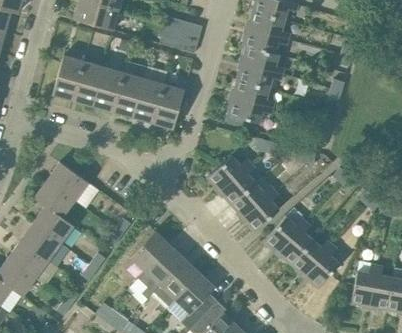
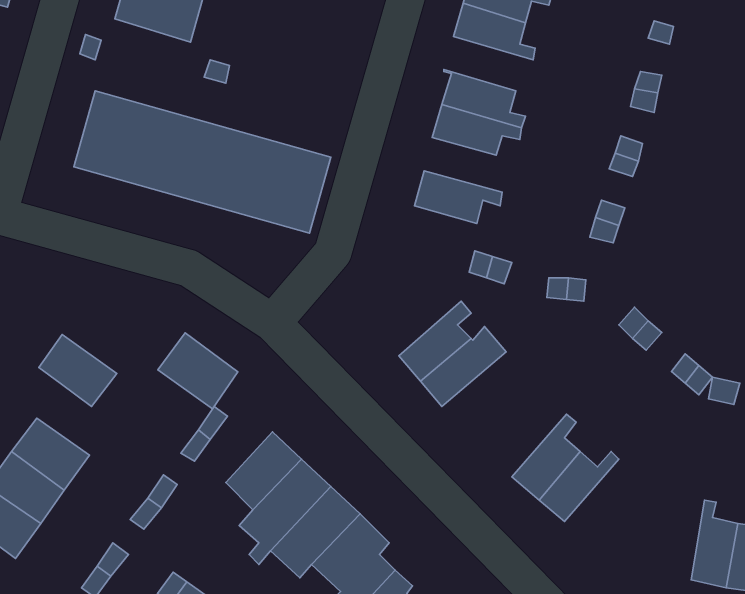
building: [158,16,202,53] -> none
building: [242,27,288,55] -> none
building: [232,79,274,107] -> none
building: [206,155,251,191] -> none
building: [46,161,87,200] -> [158,333,238,409]
building: [241,189,279,231] -> none
building: [33,205,72,242] -> none
building: [263,215,305,253] -> none
building: [304,244,339,288] -> none
building: [351,264,376,306] -> none

